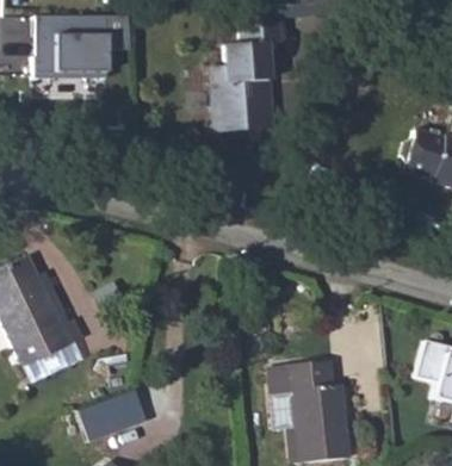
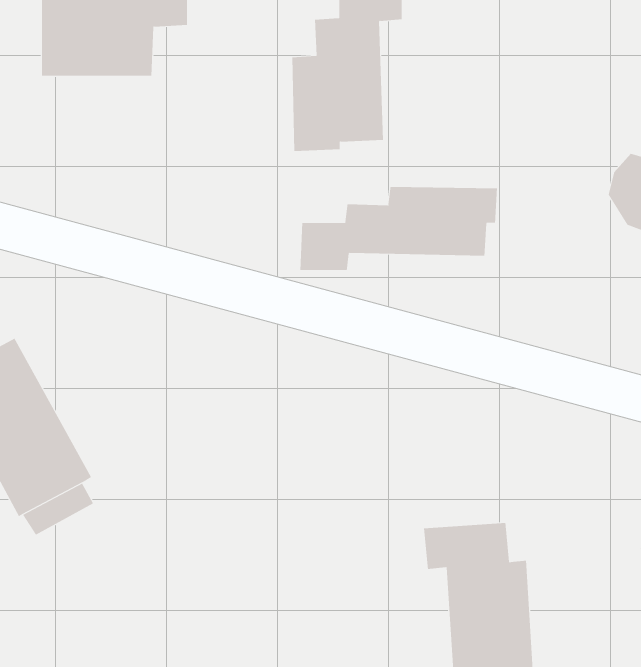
building: none -> [300,186,498,271]
building: [83,391,147,440] -> none

